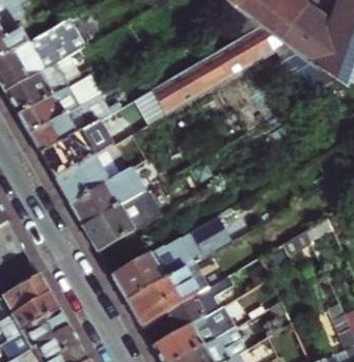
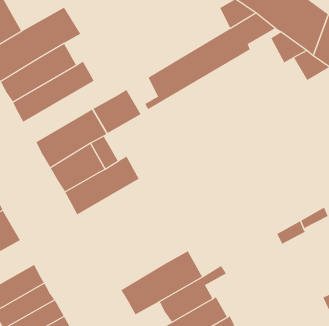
building: [29,91,122,152] -> none
building: [83,188,161,251] -> none
building: [112,215,227,300] -> none

